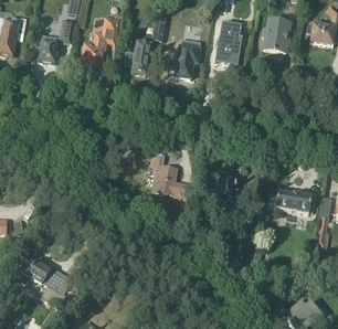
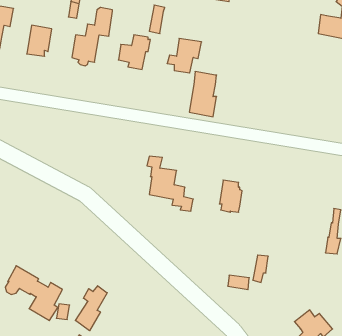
building: [262,17,291,51] -> none
building: [215,24,241,66] -> [189,72,217,117]
building: [266,190,315,213] -> none
building: none -> [75,286,107,331]

